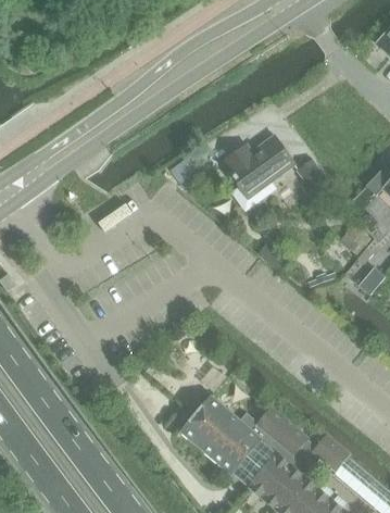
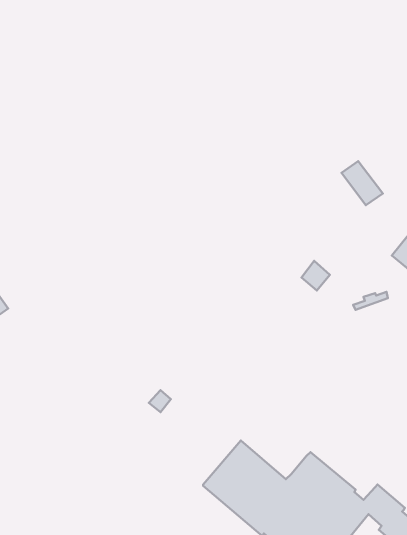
building: [224,135,292,196] -> none

